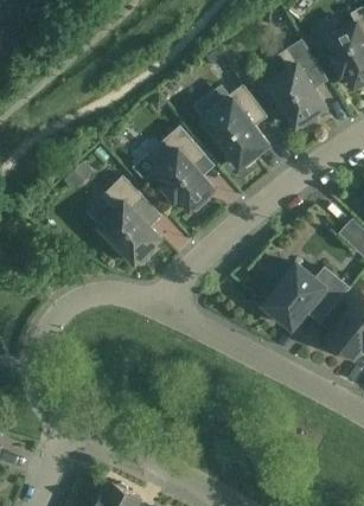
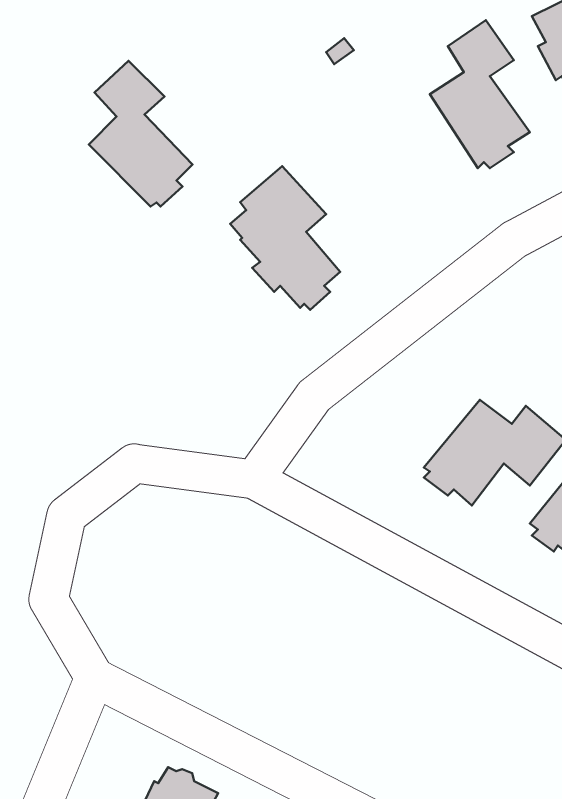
building: [204,84,269,167] -> none
building: [100,175,161,262] -> [89,61,193,206]

